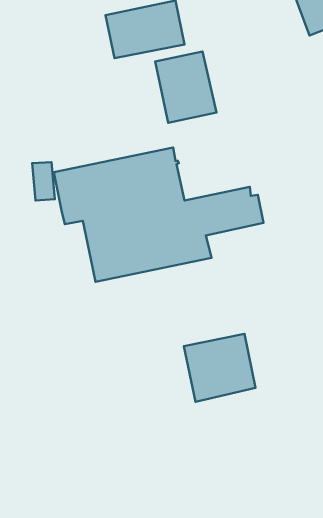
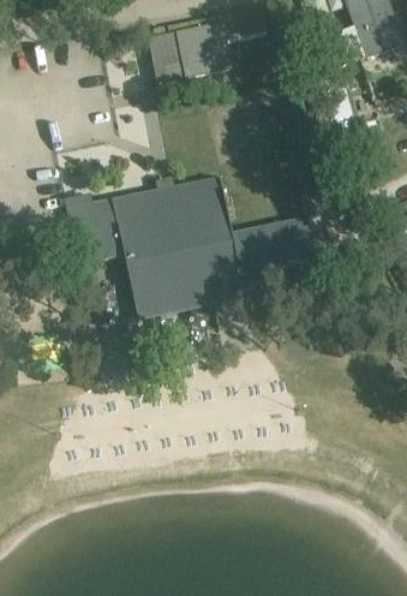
building: [155,52,217,123] -> none
building: [184,334,256,402] -> none

